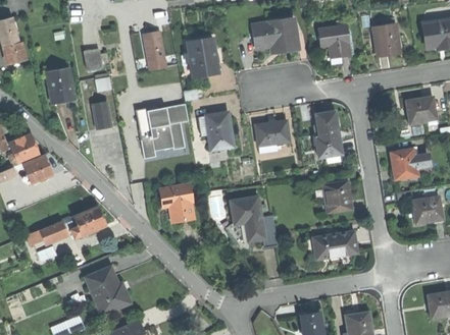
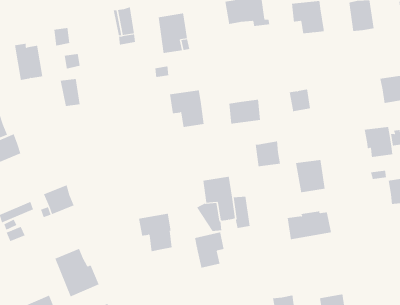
building: [136,103,188,158] -> none
building: [314,130,340,156] -> [255,141,281,167]
building: [159,183,193,221] -> [138,213,173,252]
building: none -> [195,232,224,268]

